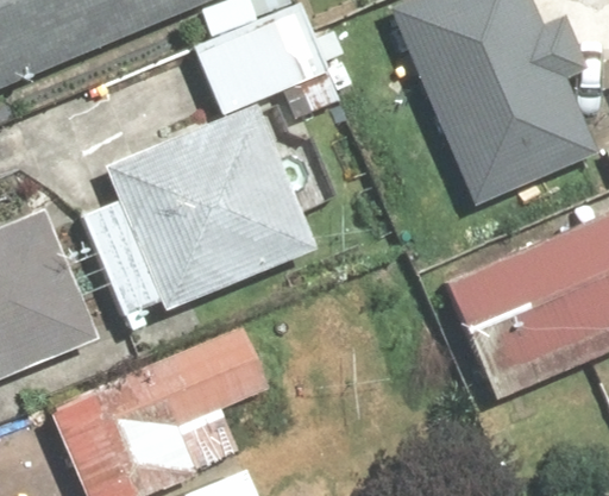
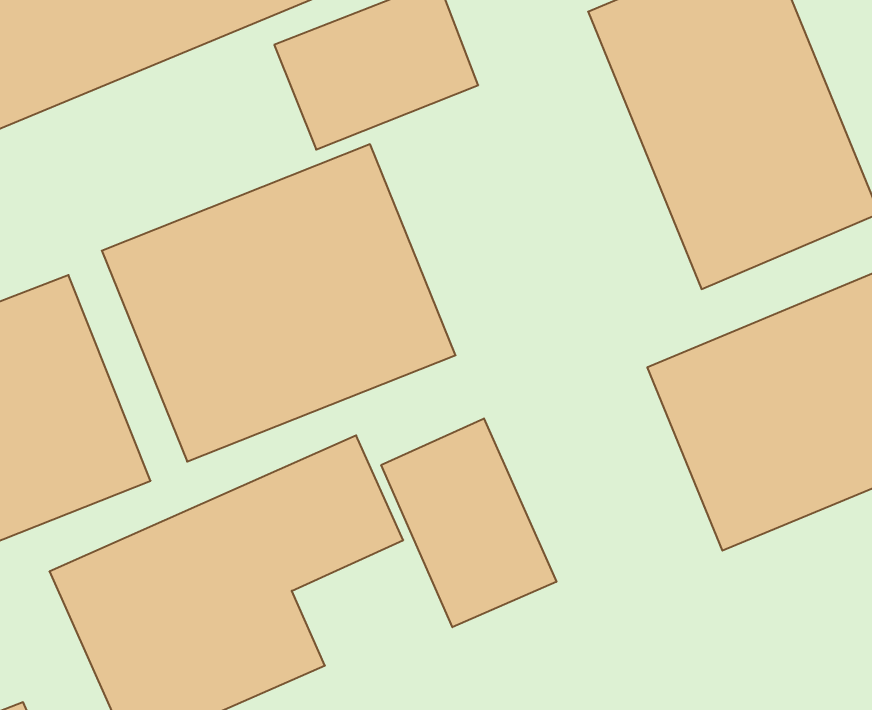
building: none -> [381,418,556,627]

